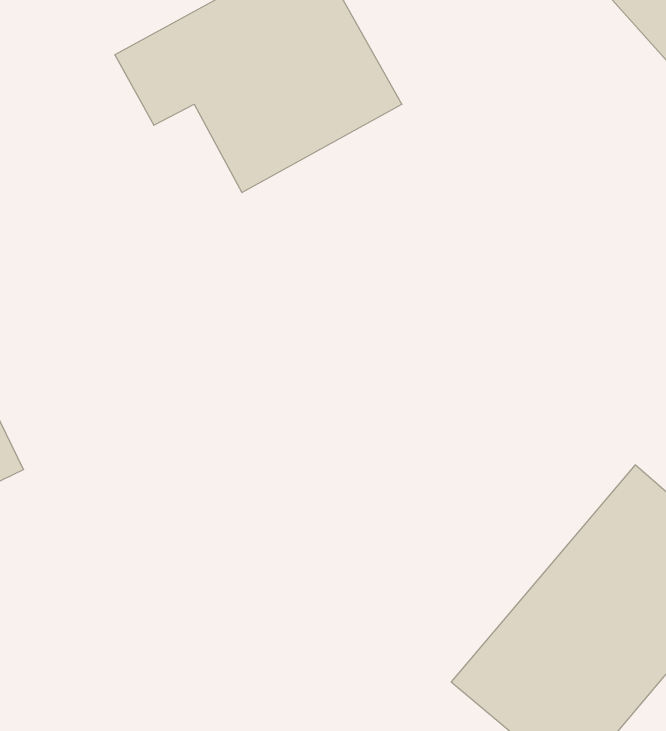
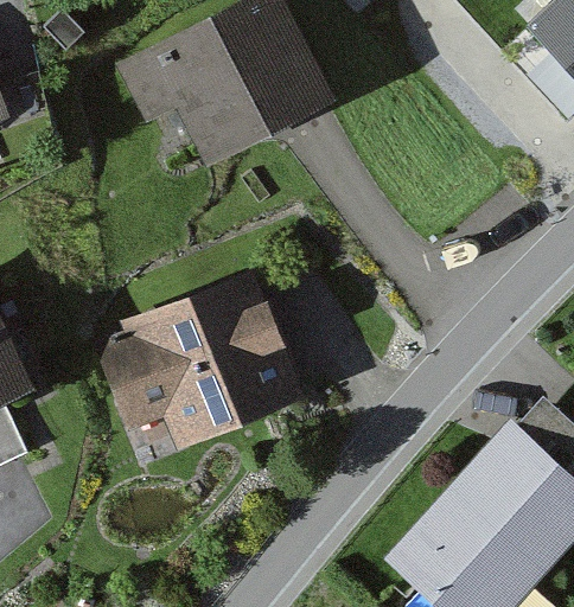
building: none -> [89,271,306,466]

